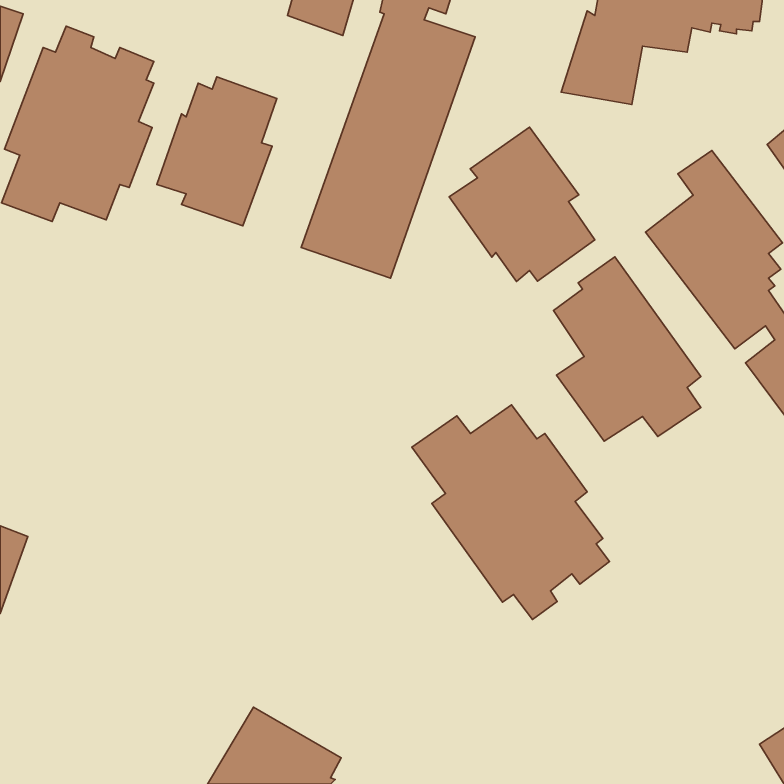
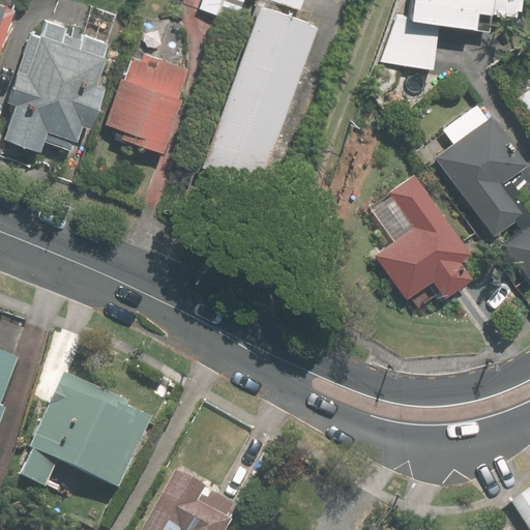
building: [449,127,595,281] -> none
building: [412,405,610,620] -> none
building: none -> [23,331,151,492]

